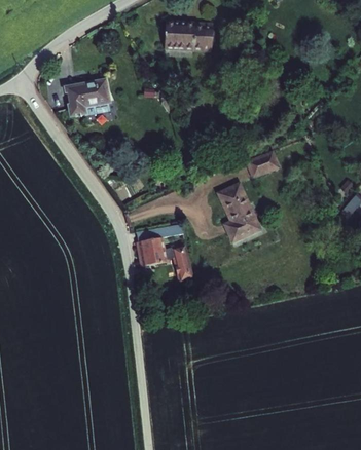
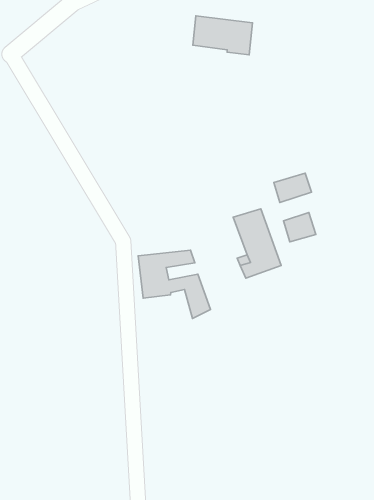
building: [67,82,105,111] -> none
building: none -> [284,212,316,242]

